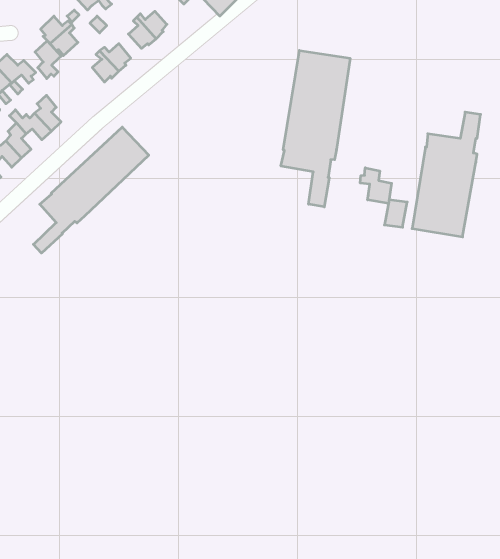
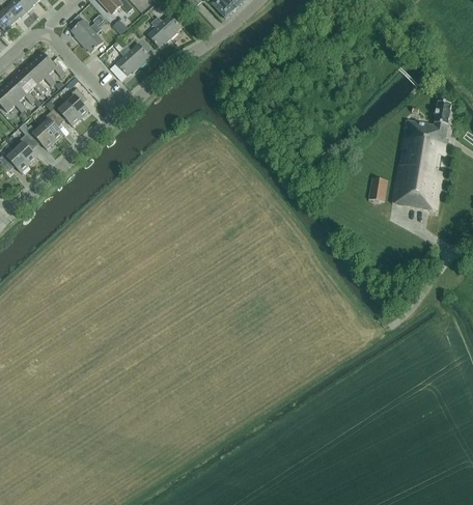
building: [35,41,61,79] -> none
building: [281,50,350,207] -> none
building: [33,127,149,253] -> none
building: [360,168,392,203] -> none

